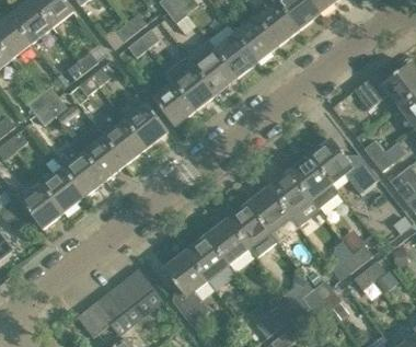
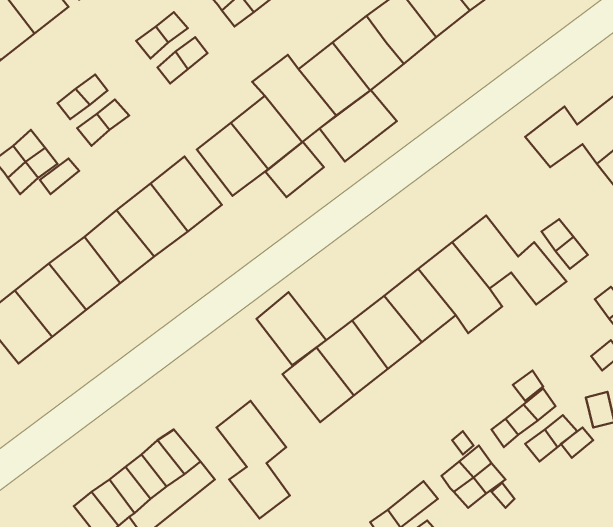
building: none -> [320,90,397,162]
building: none -> [266,142,324,197]
building: [185,235,228,280] -> [256,292,326,365]

